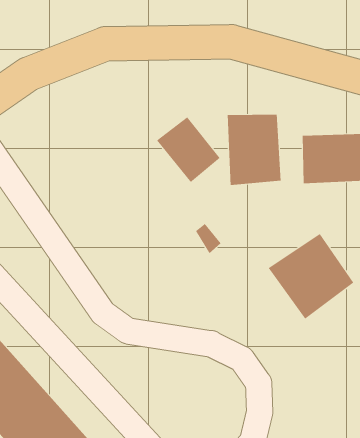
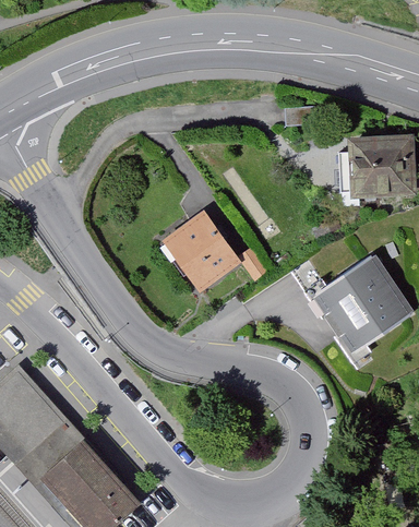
building: [227,114,281,186] -> none
building: [156,116,221,183] -> [163,220,232,292]

